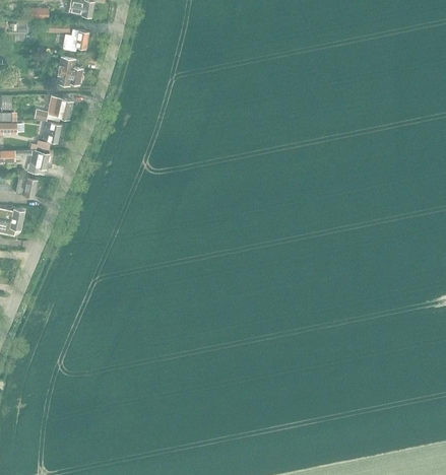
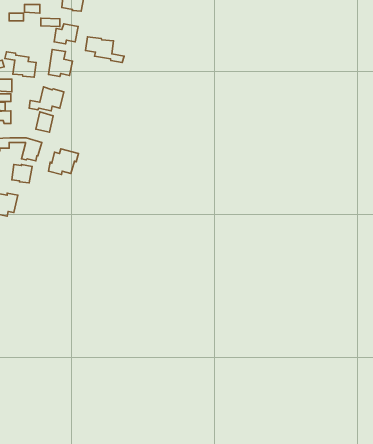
building: none -> [85,37,124,62]
building: none -> [5,52,36,77]
building: none -> [49,149,79,174]

